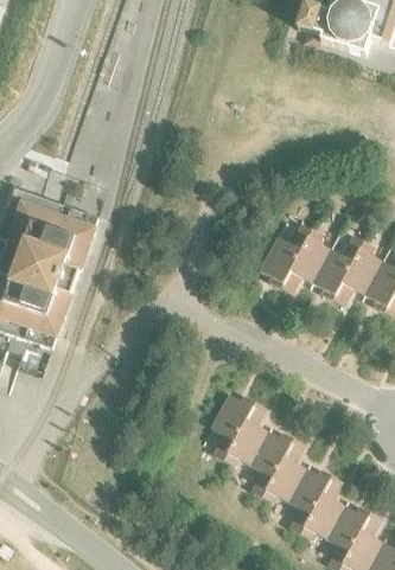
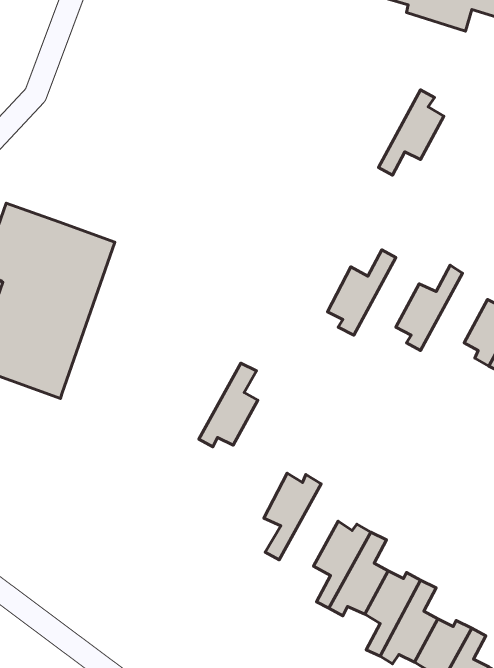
building: [281,229,331,294] -> [379,90,444,175]
building: [332,241,383,306] -> none
building: [224,402,269,466] -> [199,363,258,447]

